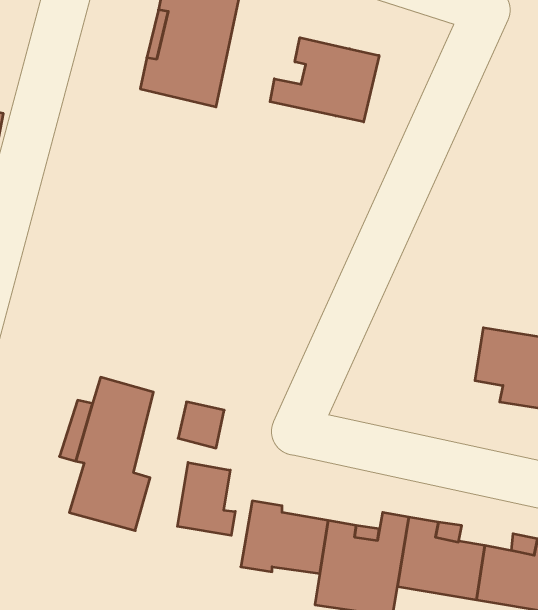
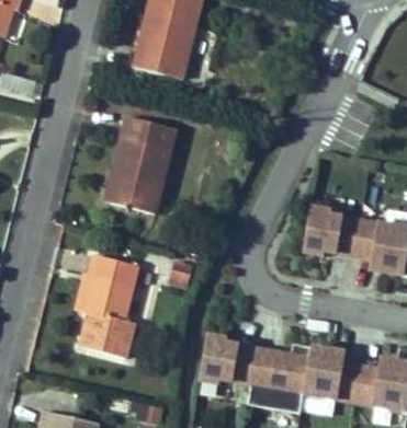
building: [270,38,379,122] -> none
building: none -> [106,115,178,212]
building: none -> [303,208,359,255]
building: [177,462,235,535] -> none

